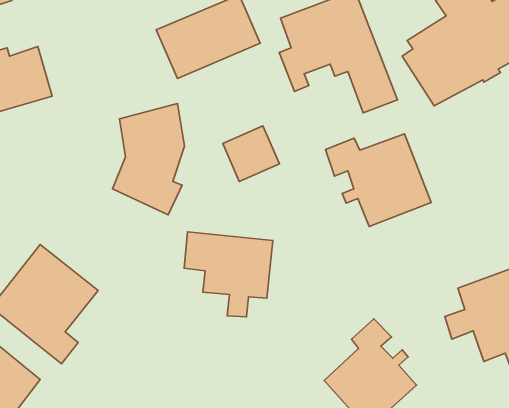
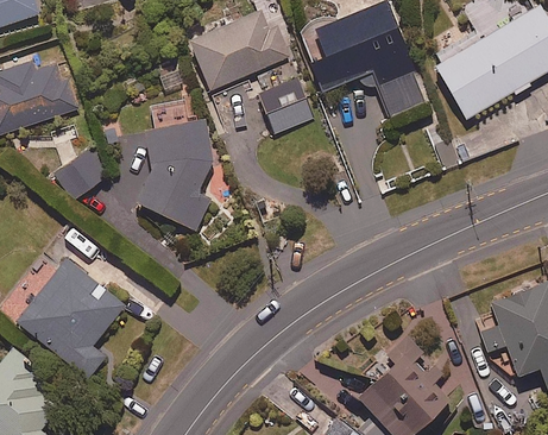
building: [223,126,279,182] -> [257,78,314,134]
building: [325,134,431,226] -> none
building: none -> [57,150,108,198]
building: [184,232,273,317] -> none

